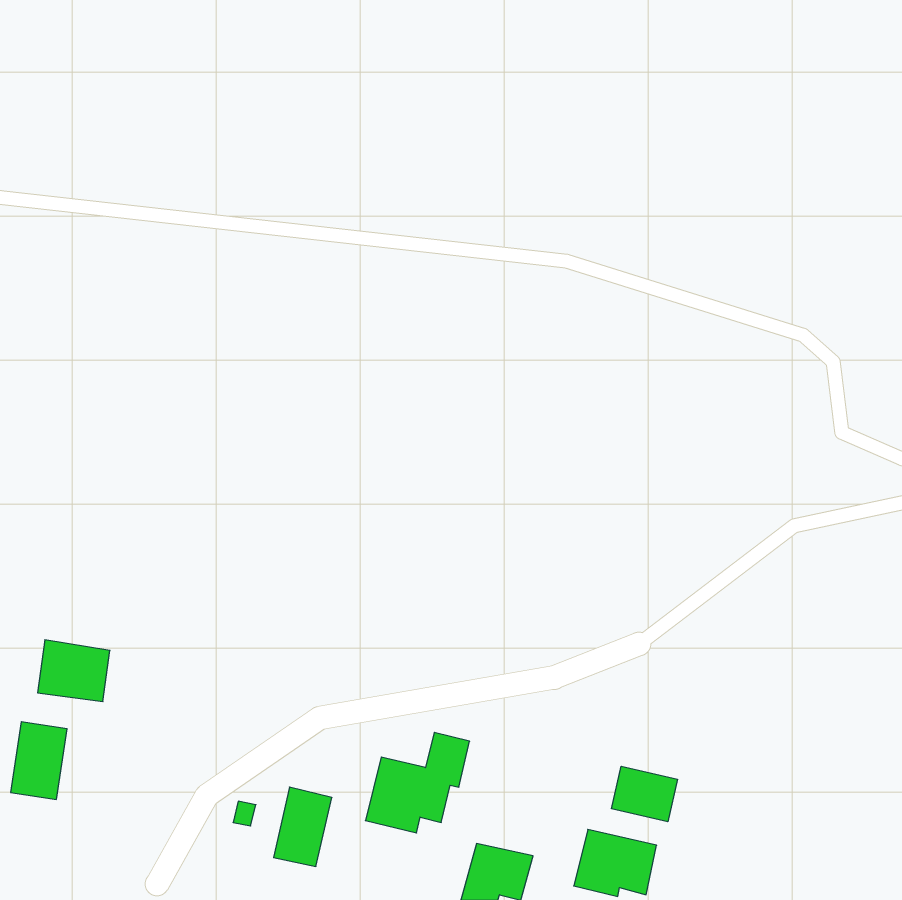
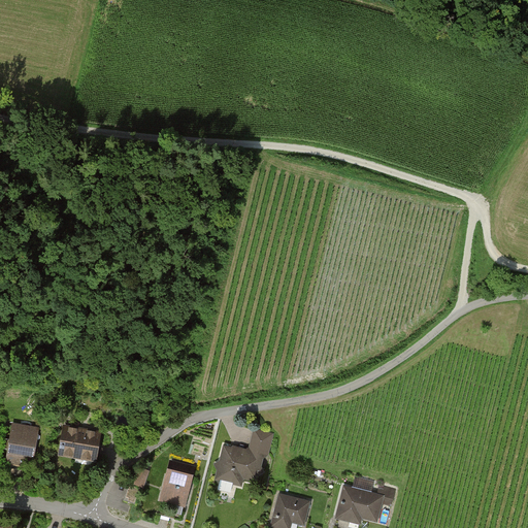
building: [38,640,110,702] -> [59,424,101,460]
building: [612,766,677,822] -> none

